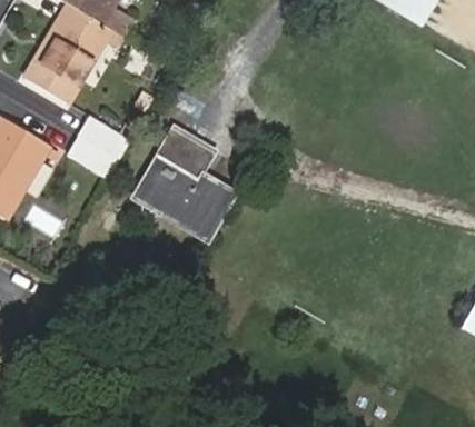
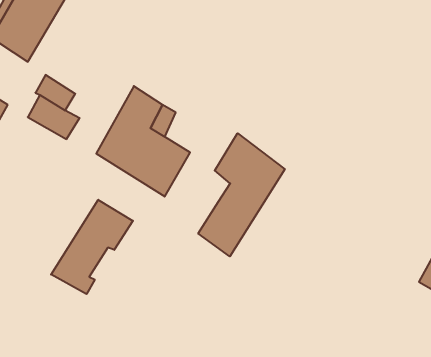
building: none -> [198,133,285,256]
building: none -> [51,200,133,294]

